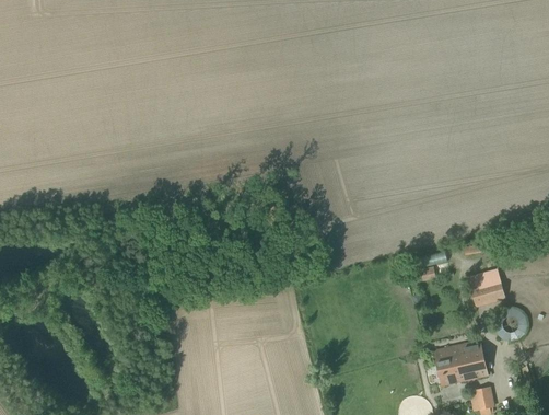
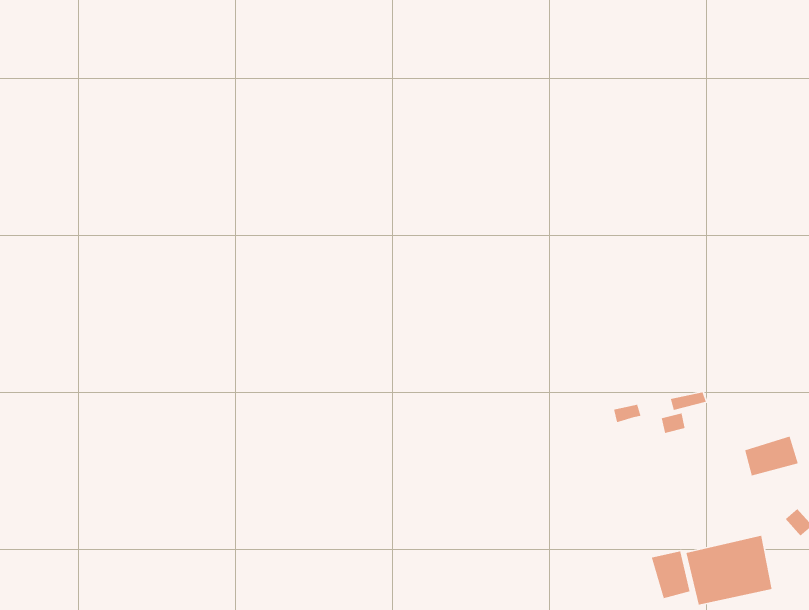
building: none -> [651,550,690,599]

